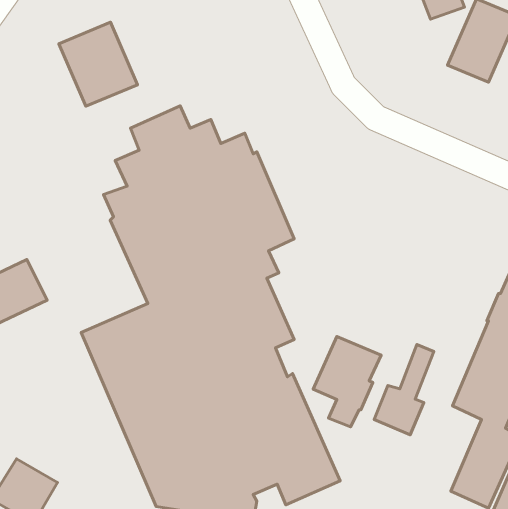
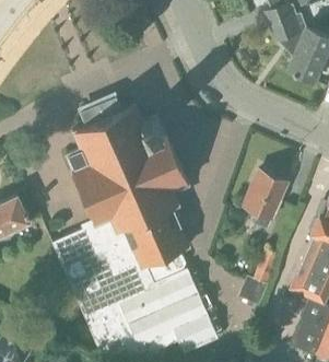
building: [59,22,137,106] -> none
building: [313,336,381,427] -> [244,170,287,227]

